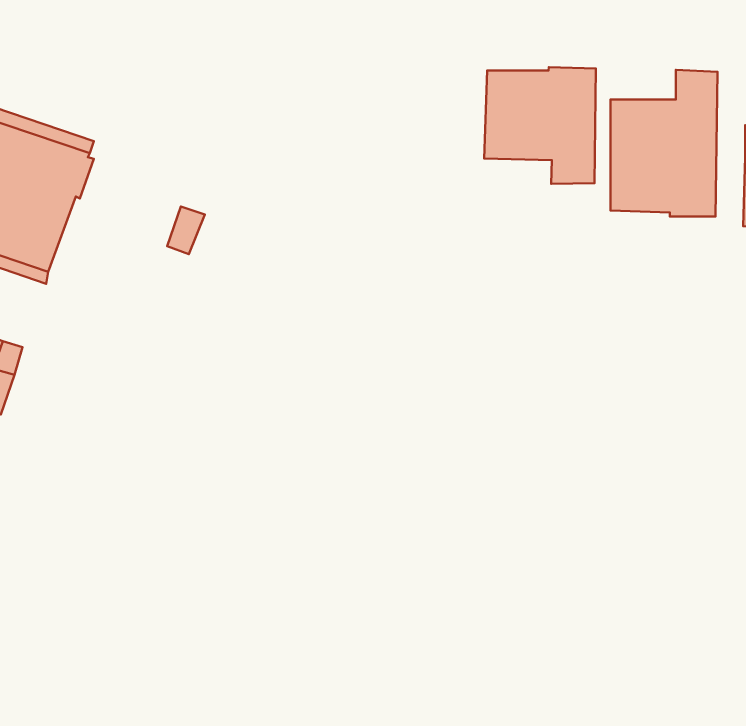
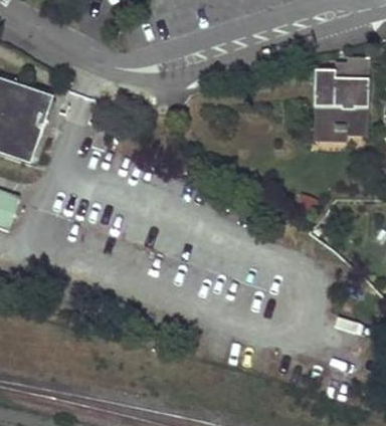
building: [484,67,596,184] -> none

